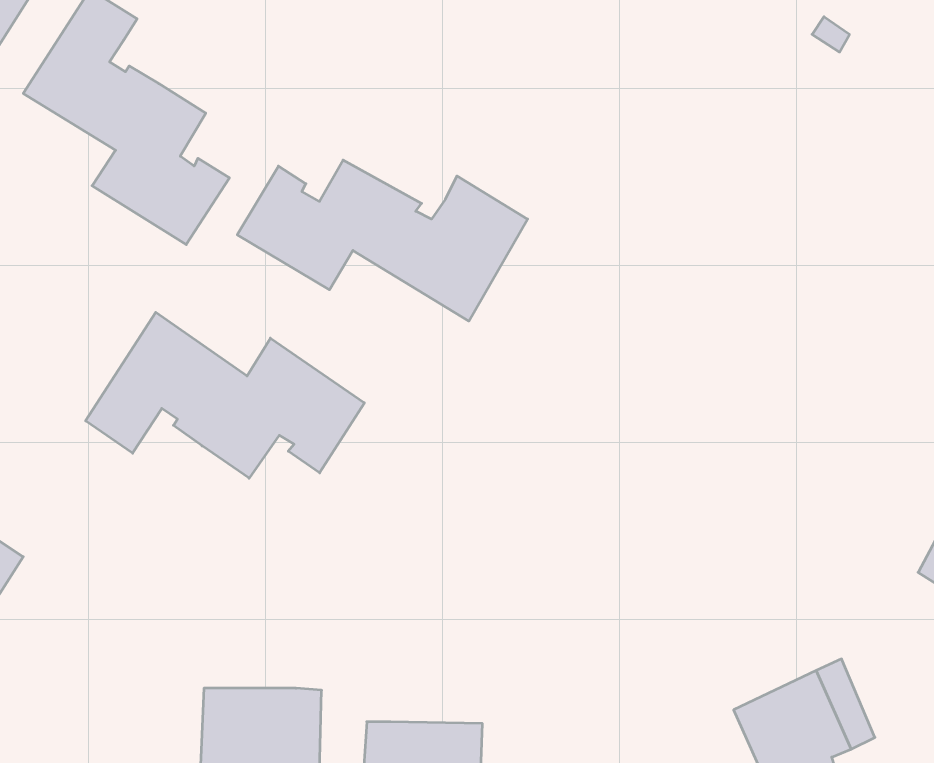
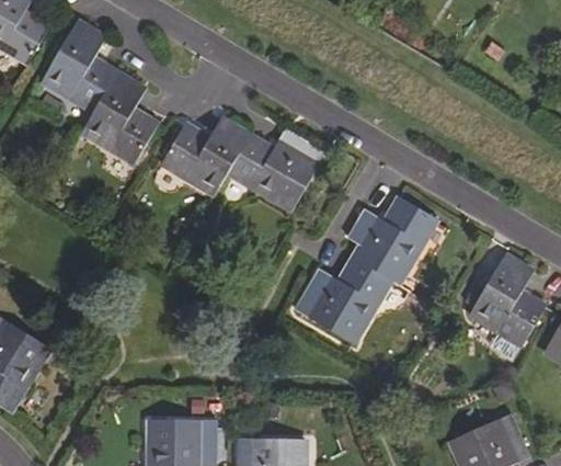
building: none -> [291,194,434,340]
building: [86,312,364,478] -> none
building: none -> [470,254,545,345]

